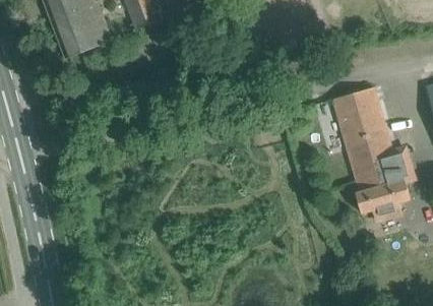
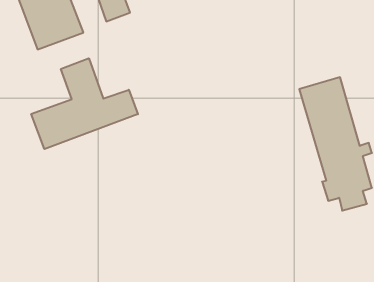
building: none -> [31,58,138,149]

